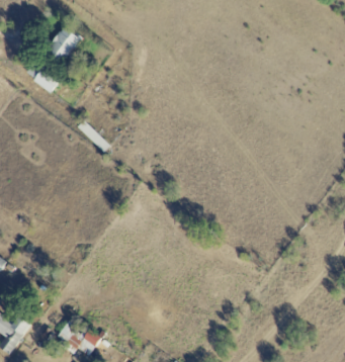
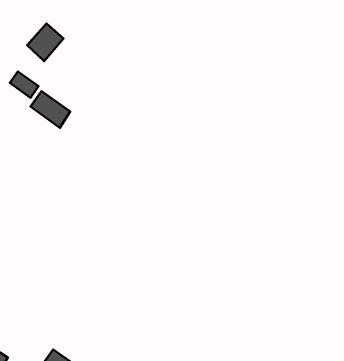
building: none -> [30,91,70,128]

